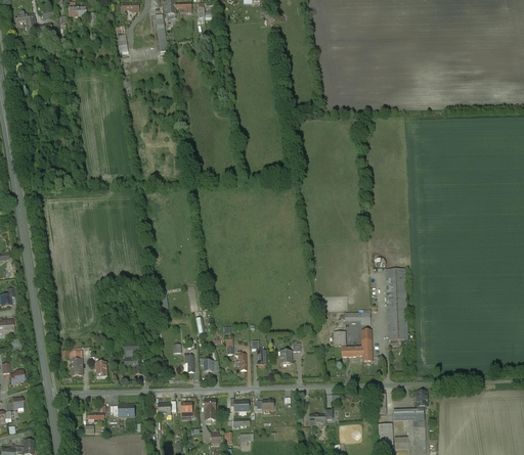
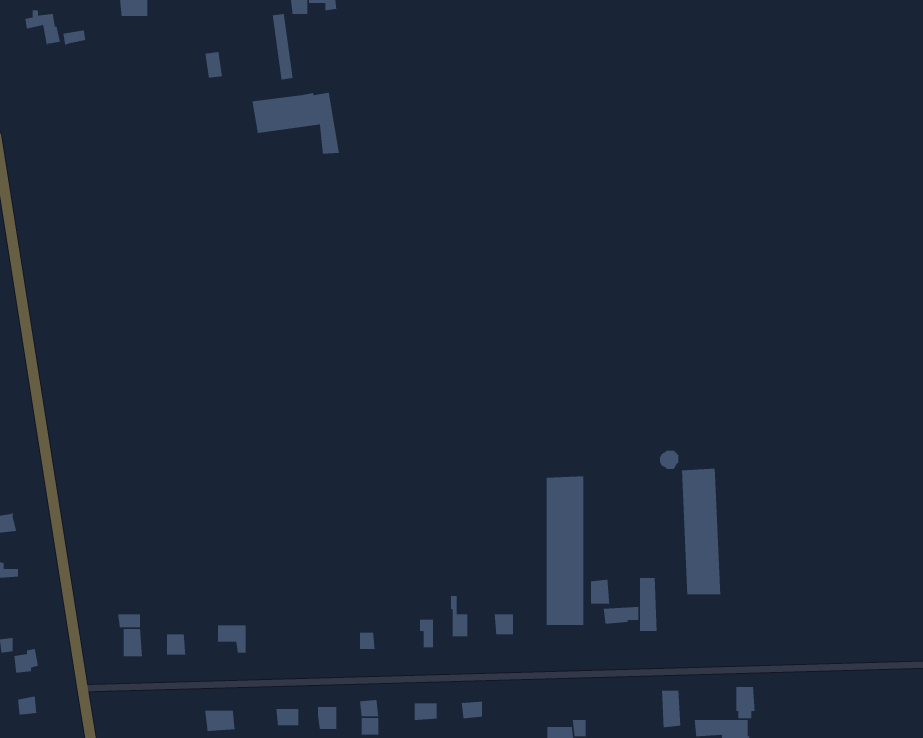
building: none -> [252,92,340,155]
building: none -> [546,475,584,626]

